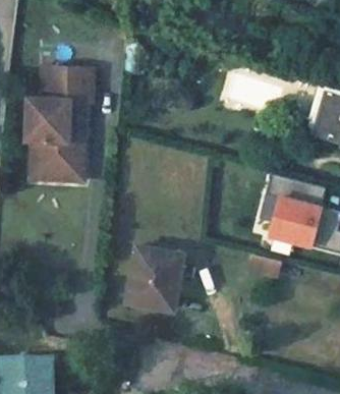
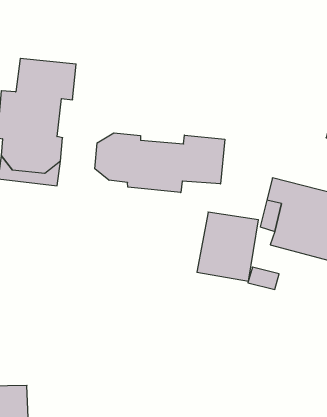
building: none -> [95,133,225,193]
building: [124,246,180,309] -> [197,212,258,281]

